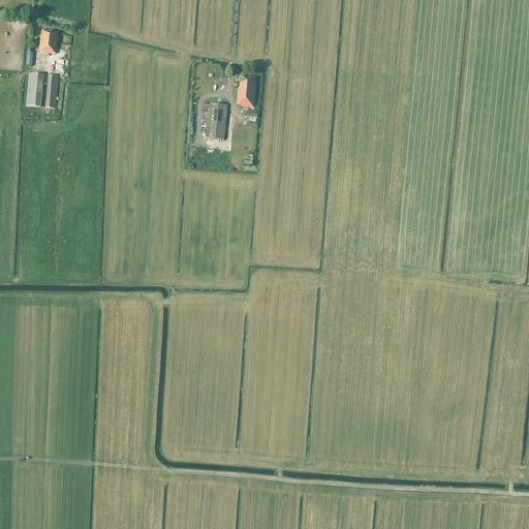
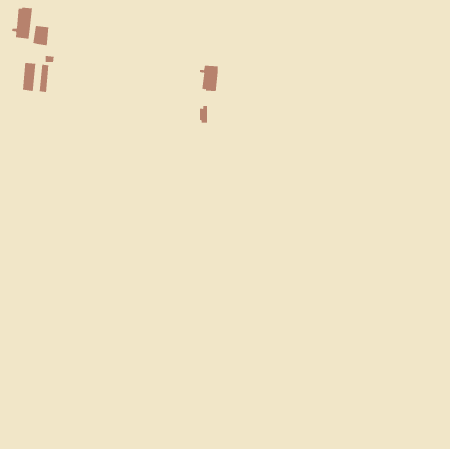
building: none -> [12,7,32,39]
building: [207,103,227,139] -> none

